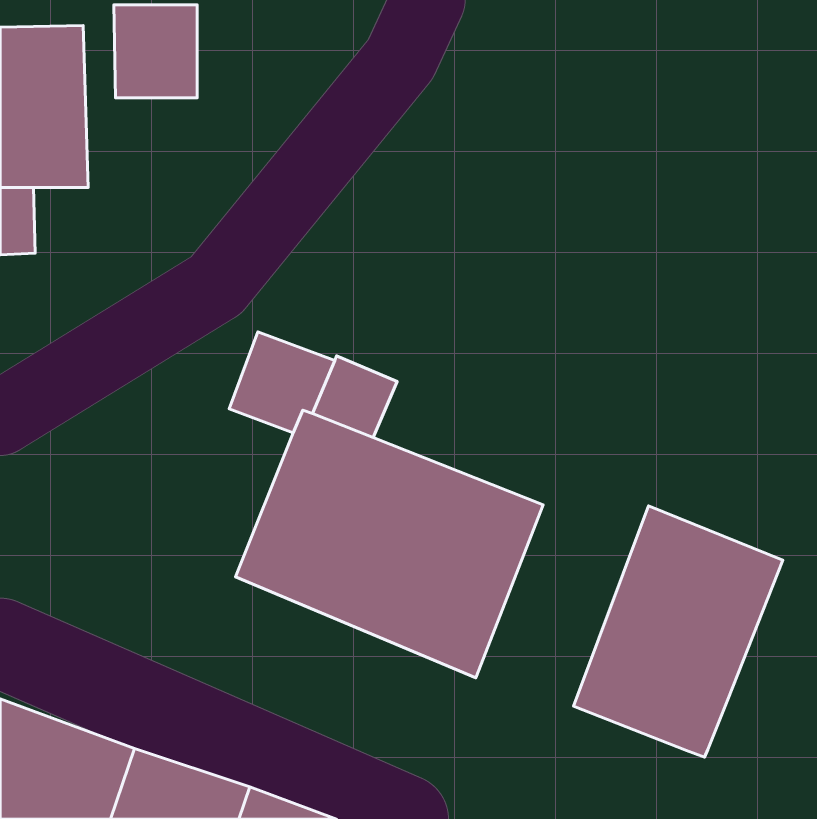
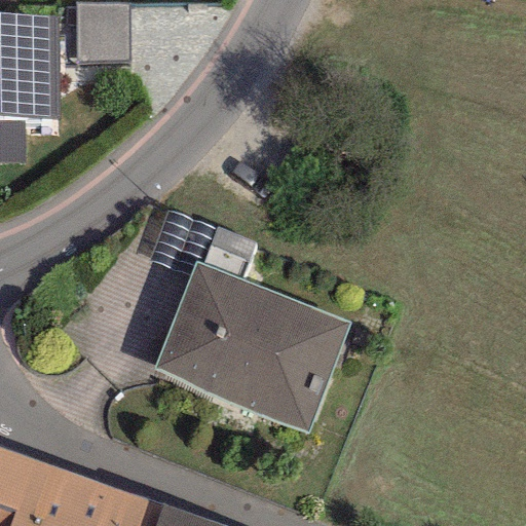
building: [574,506,783,757] -> none

